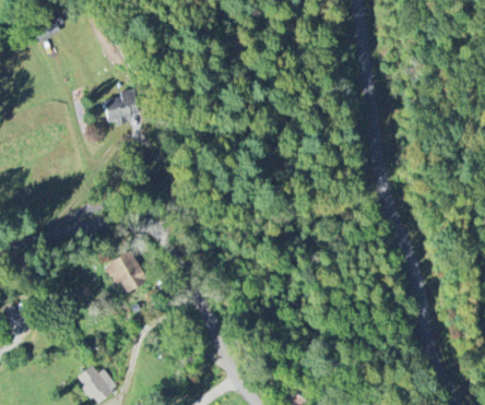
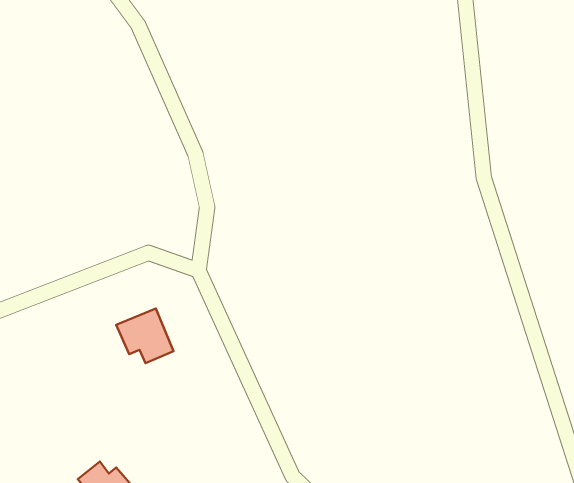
building: [104,90,142,123] -> none

